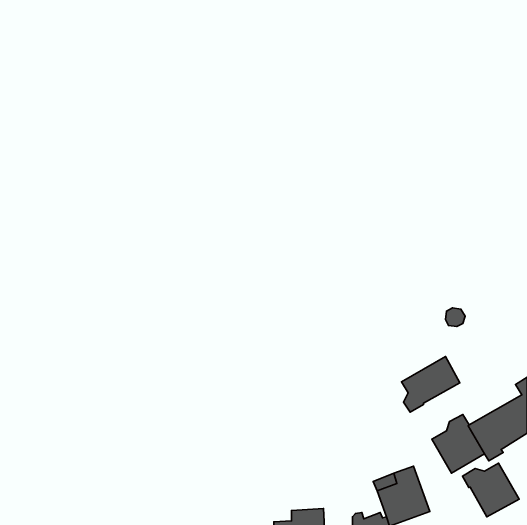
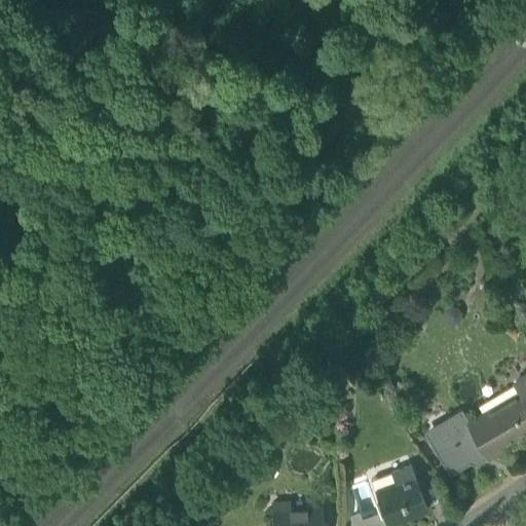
building: [402,356,460,412] -> none
building: [463,463,519,517] -> none

